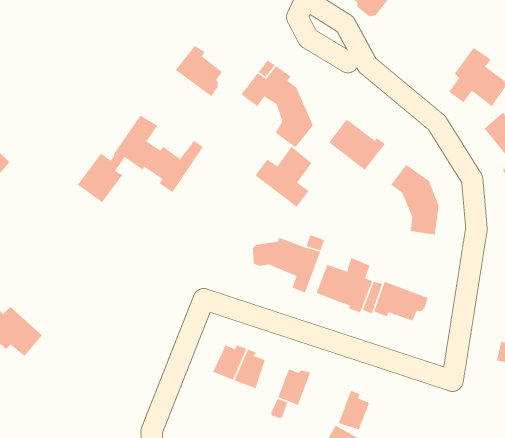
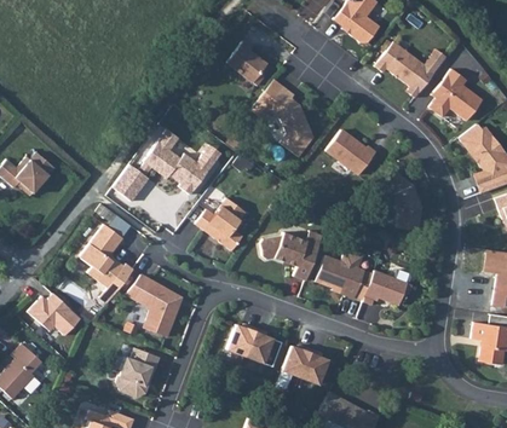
building: none -> [374,41,426,88]
building: [175,45,223,97] -> [225,41,266,86]
building: [255,146,312,208] -> [195,196,244,249]
building: none -> [79,224,123,288]
building: none -> [125,274,179,336]
building: none -> [116,347,159,397]
building: [338,390,370,431] -> [300,348,328,383]

